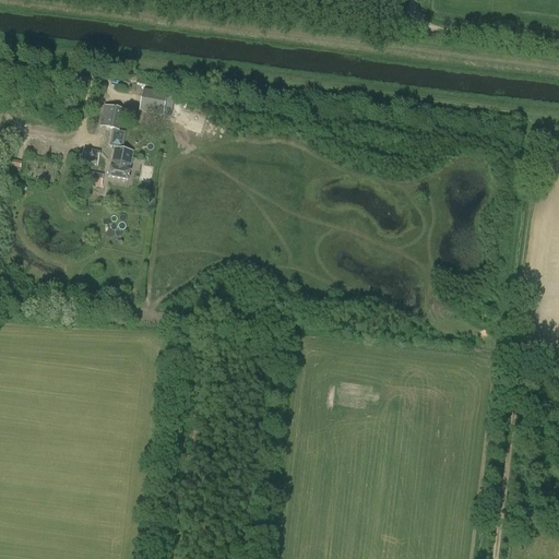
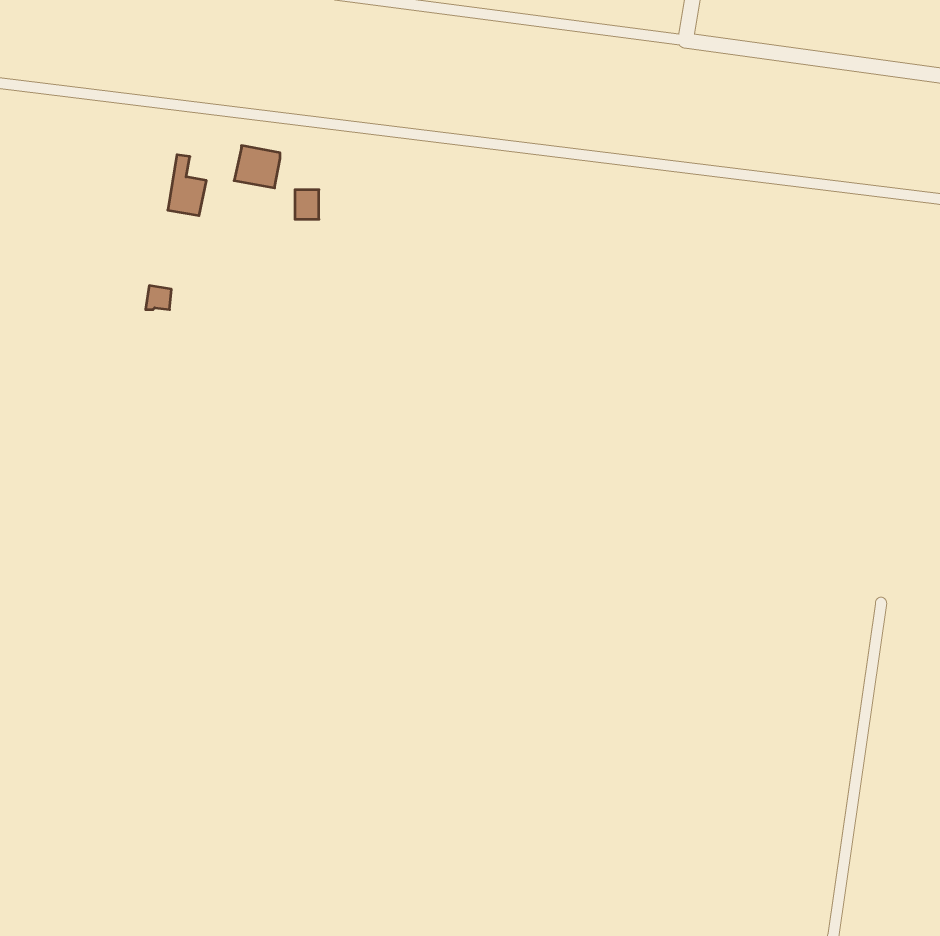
building: [107,145,131,178] -> none

